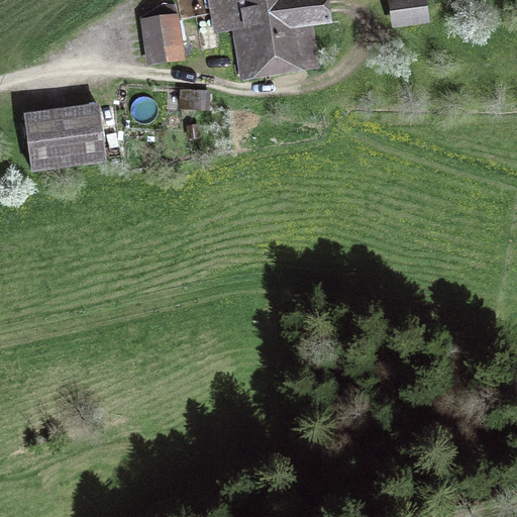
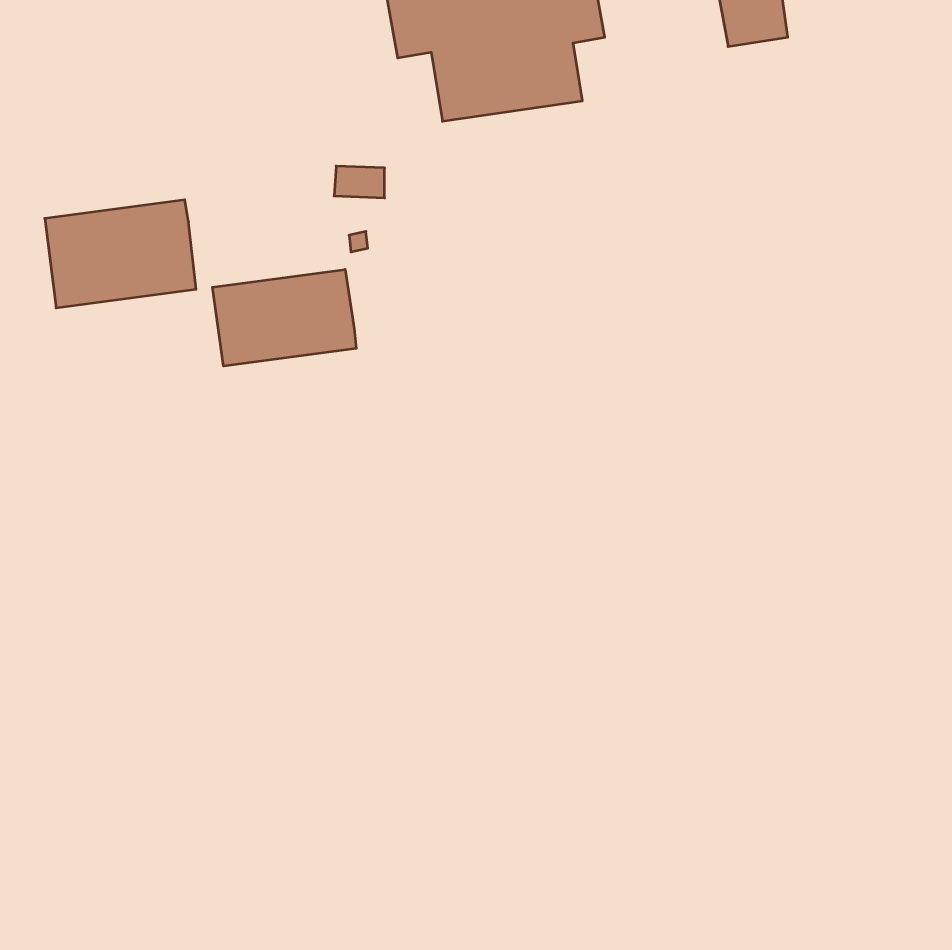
building: [140,16,183,66] -> none
building: none -> [212,269,356,366]

